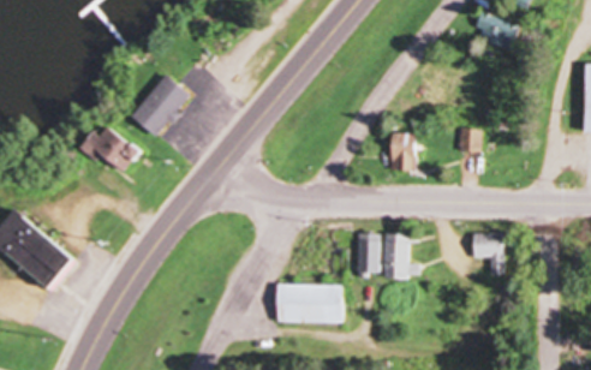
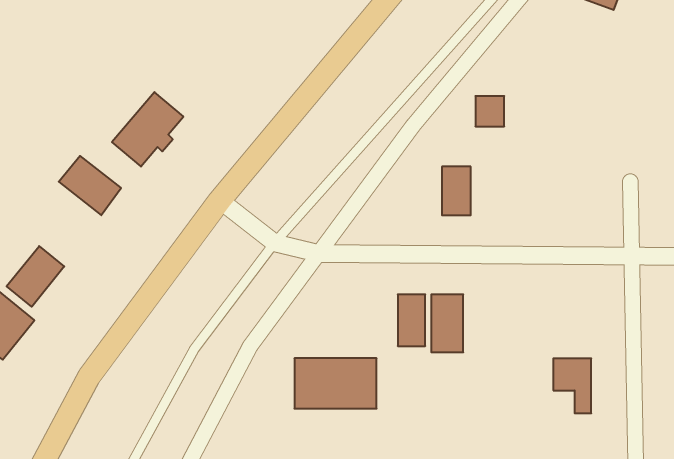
building: [473,12,519,52] -> none
building: [459,129,482,153] -> [475,96,504,126]
building: none -> [7,246,64,307]
building: [472,233,502,276] -> [553,358,591,413]

